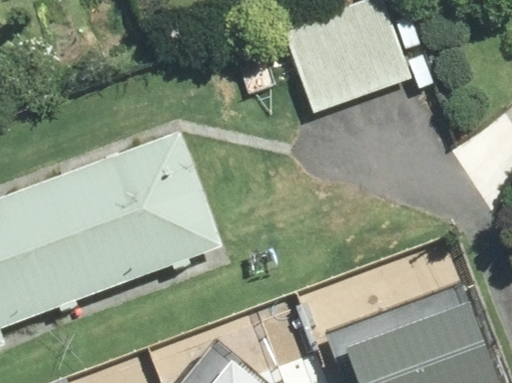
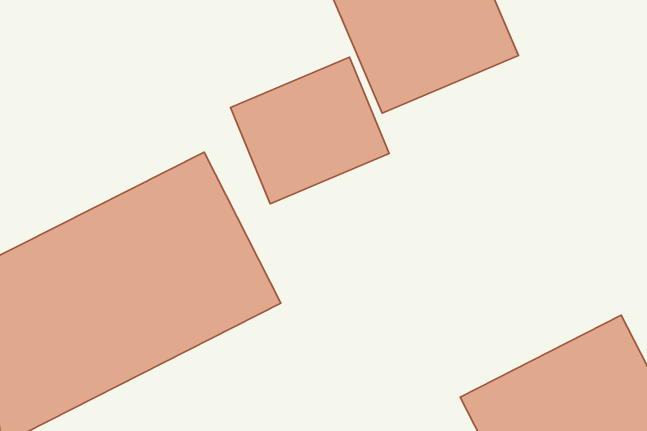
building: none -> [230,57,389,204]

